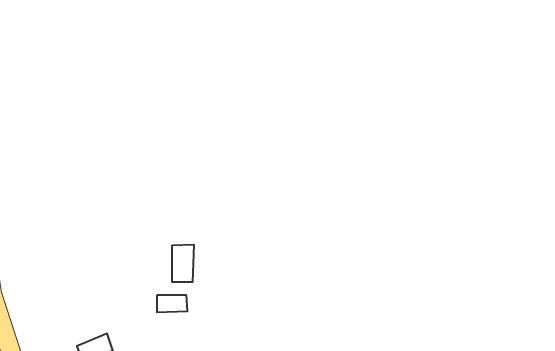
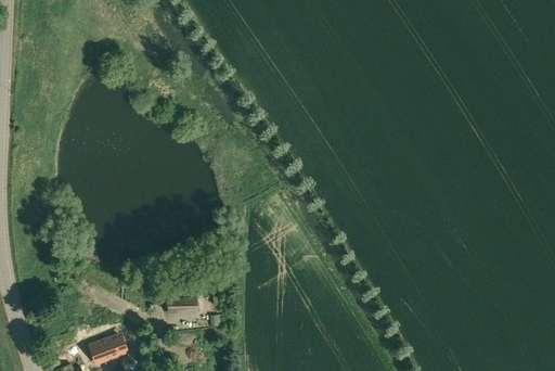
building: [172,245,194,282] -> none

